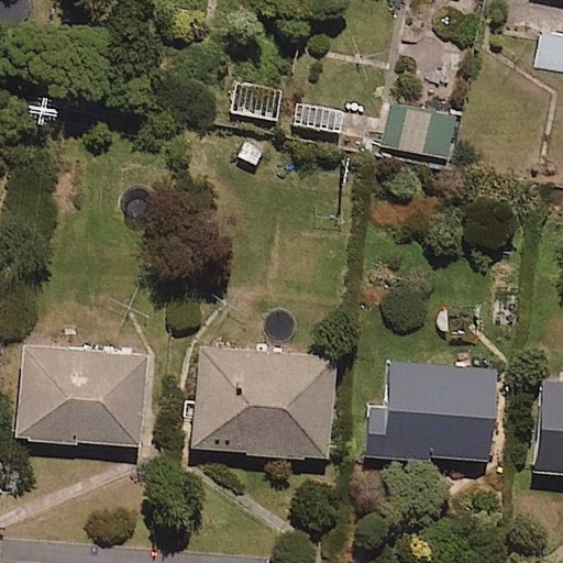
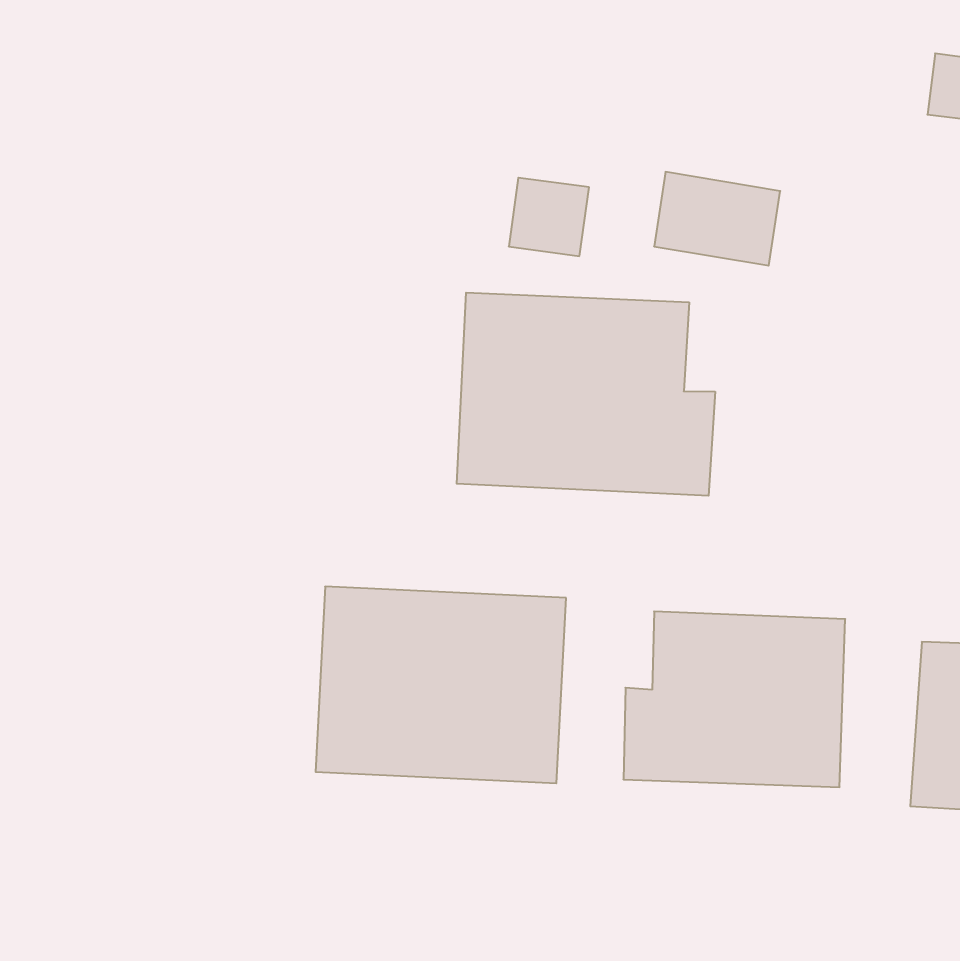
building: none -> [457,293,715,496]
building: [18,344,147,448] -> none

